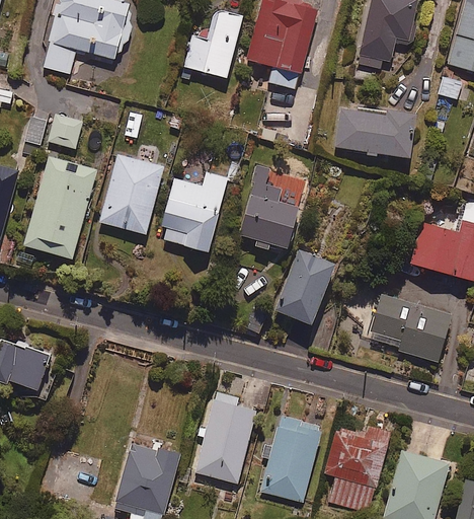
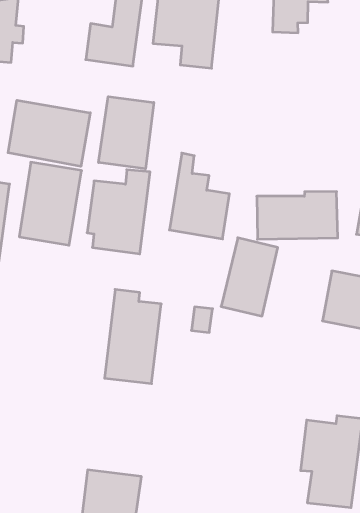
building: none -> [8,100,90,166]
building: none -> [99,97,154,169]
building: [335,107,414,156] -> [257,192,338,239]
building: [194,391,256,483] -> [105,289,161,384]
building: [260,416,322,503] -> none

